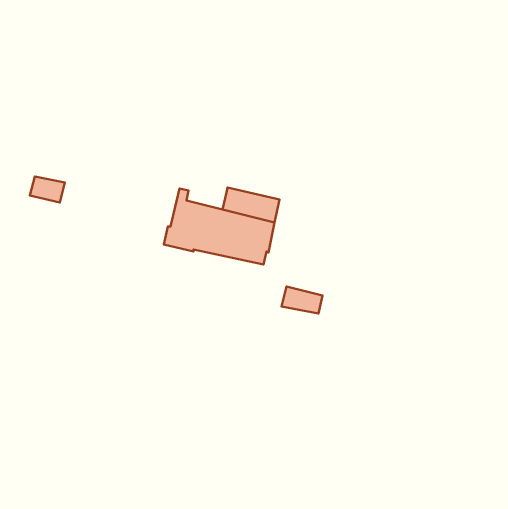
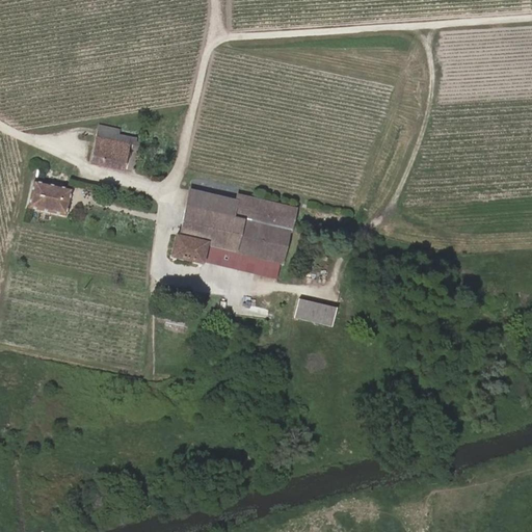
building: none -> [95,129,136,165]
building: none -> [189,190,238,218]

